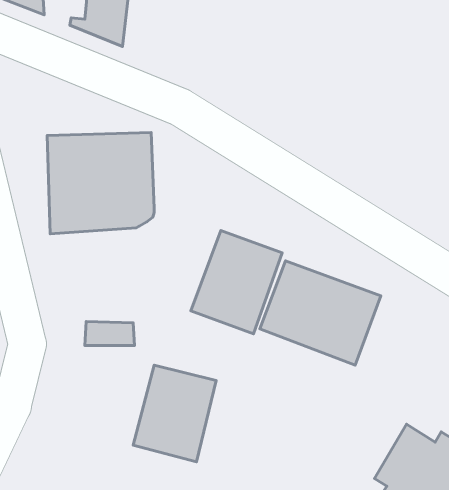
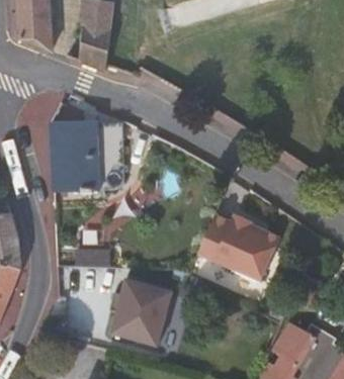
building: [191,231,282,334] -> none

